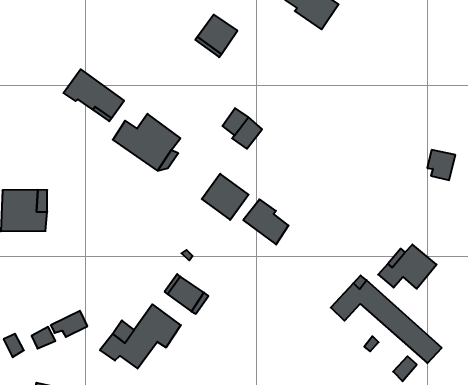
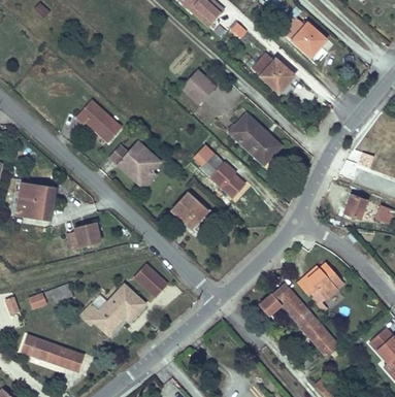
building: none -> [229,114,279,164]
building: [243,199,289,245] -> [210,162,244,198]
building: none -> [67,222,103,250]

